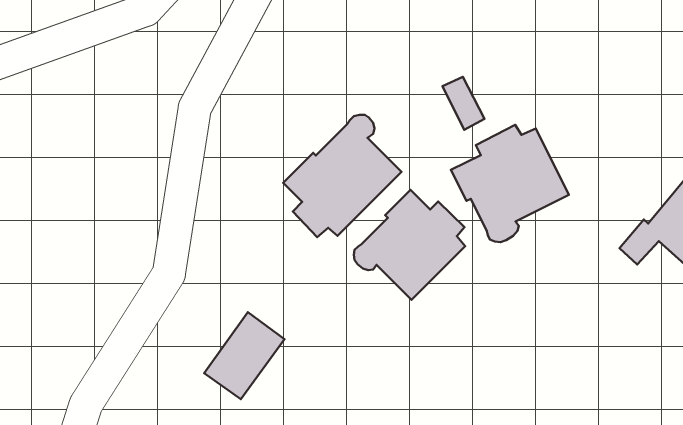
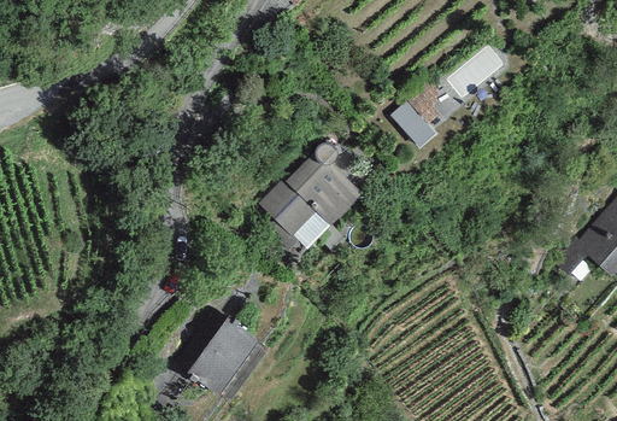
building: [451,125,569,242] -> none
building: [354,190,465,300] -> none

